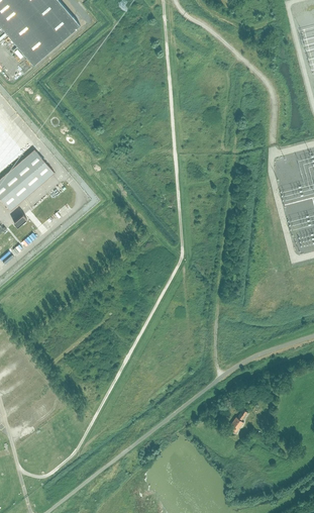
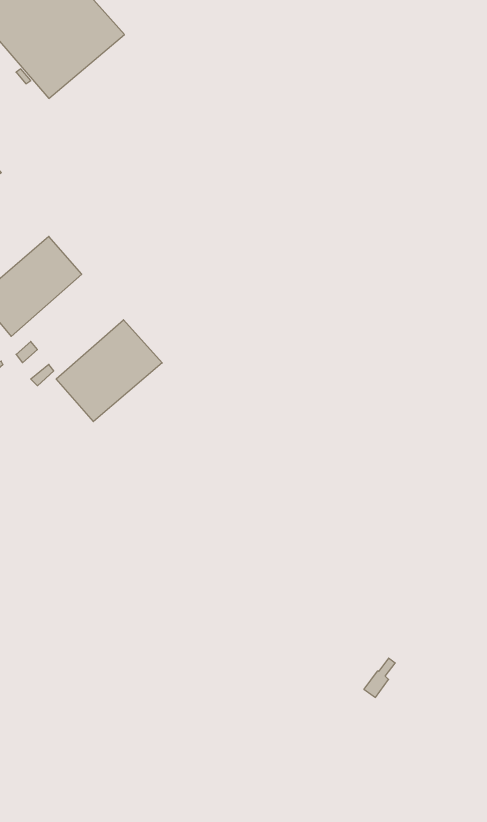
building: none -> [56,320,162,422]

